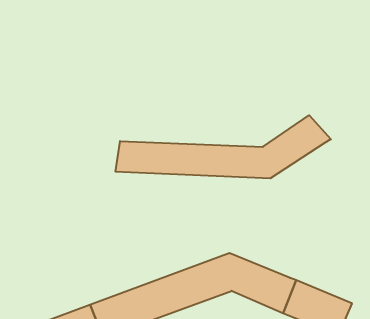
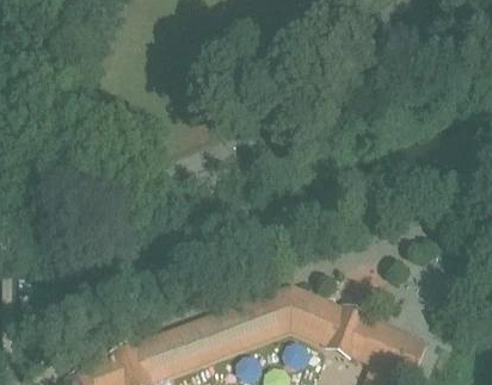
building: [116,115,331,178] -> none

